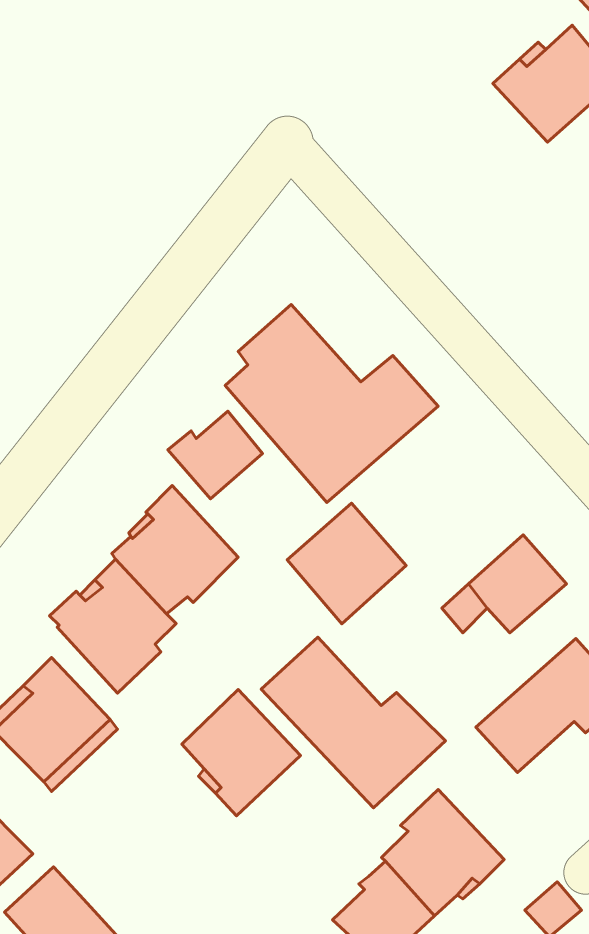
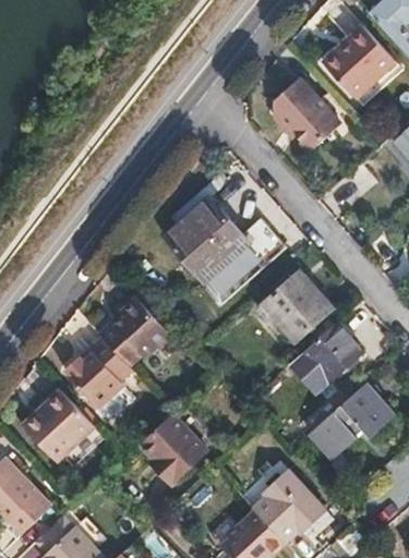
building: none -> [274,78,356,151]
building: [168,411,262,499] -> none
building: [287,503,406,624] -> [263,271,332,341]
building: [261,637,445,808] -> none

